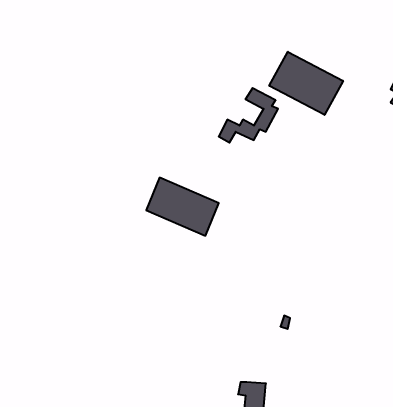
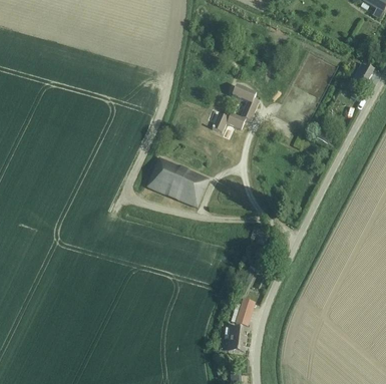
building: [269,52,343,115] -> none
building: none -> [230,297,255,326]

